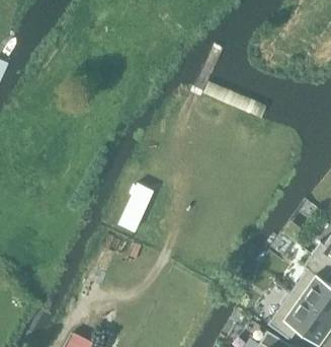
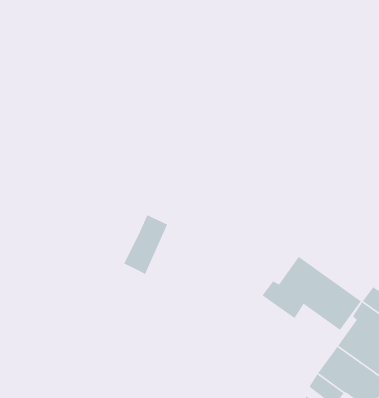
building: none -> [261,256,362,331]

